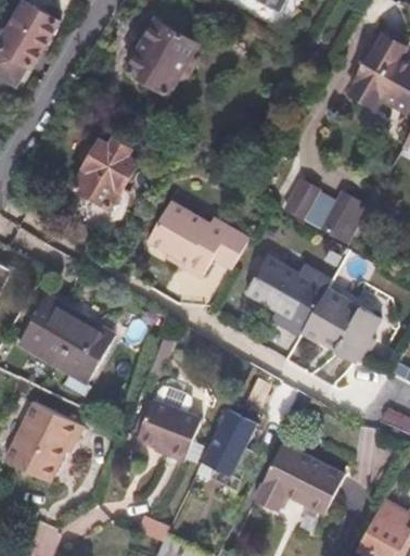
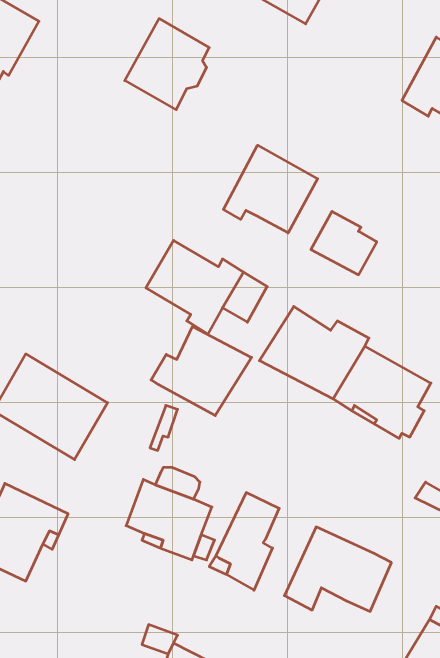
building: none -> [223,145,318,233]
building: [75,140,138,206] -> none
building: [319,192,368,248] -> none
building: none -> [151,327,252,416]

